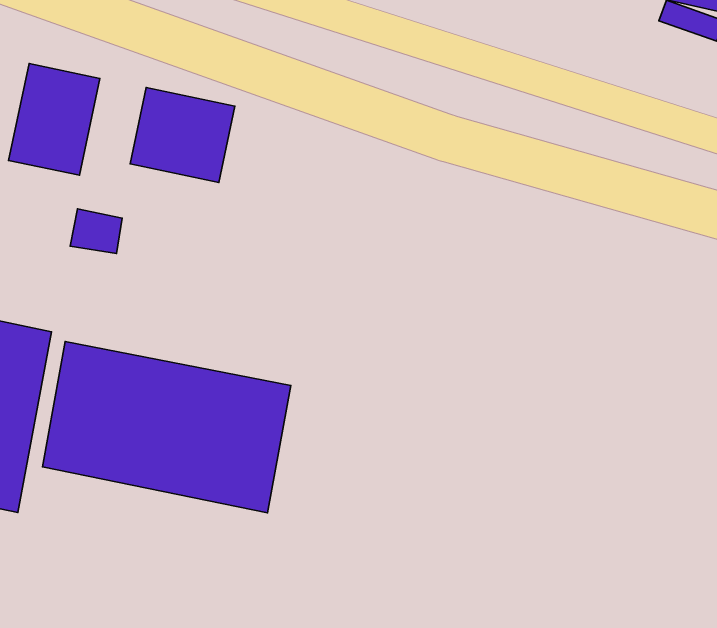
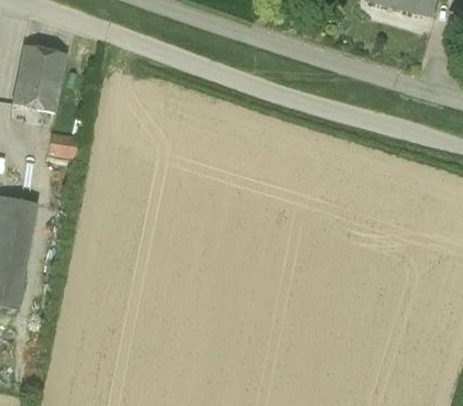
building: [130,87,235,182] -> none
building: [42,341,291,513] -> none

